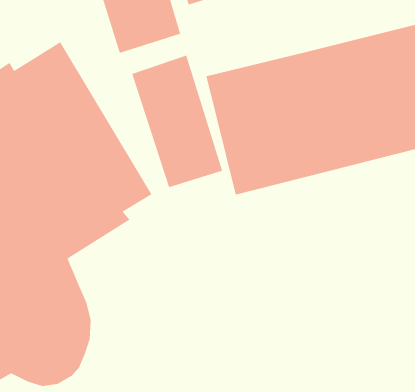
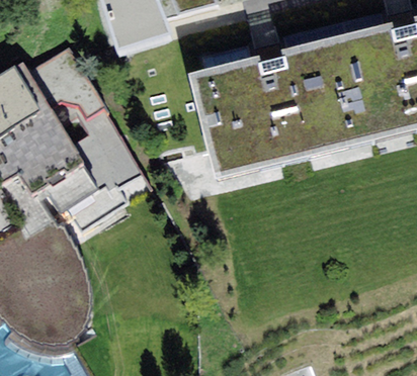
building: [131,54,223,188] -> none

